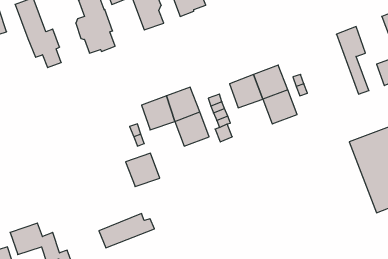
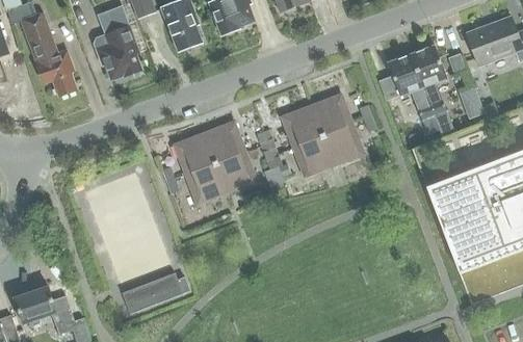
building: none -> [387,55,438,132]
building: none -> [291,134,333,175]
building: [126,153,160,187] -> [184,161,226,202]

